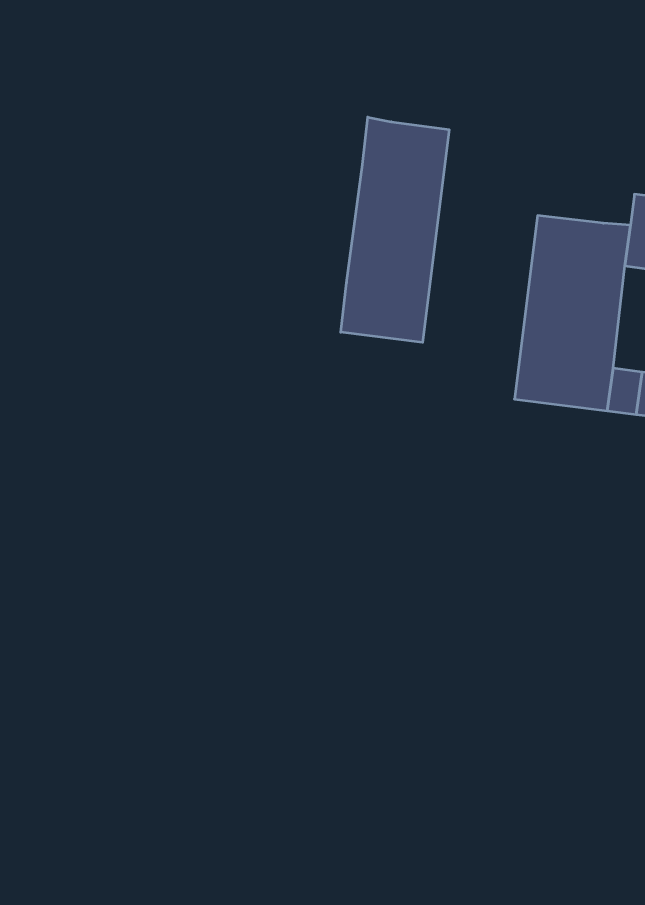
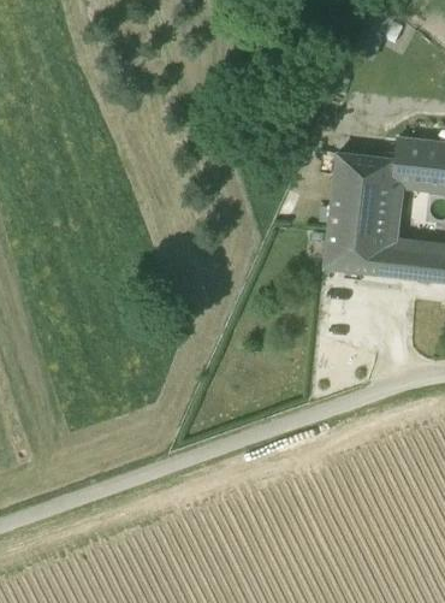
building: [341,117,449,342] -> none

